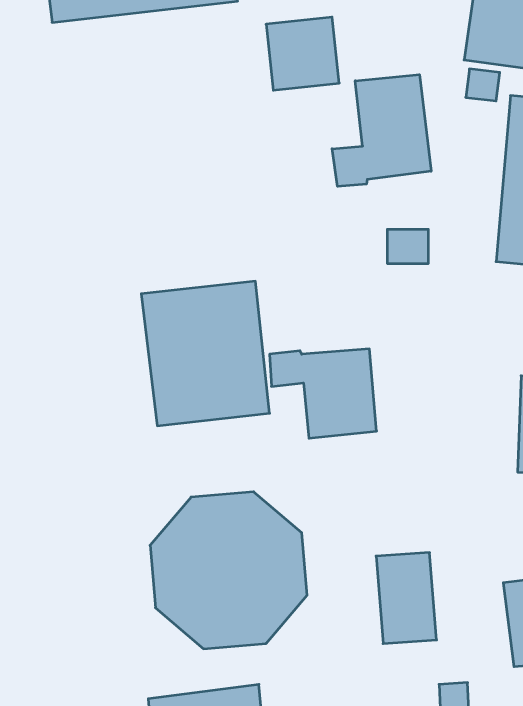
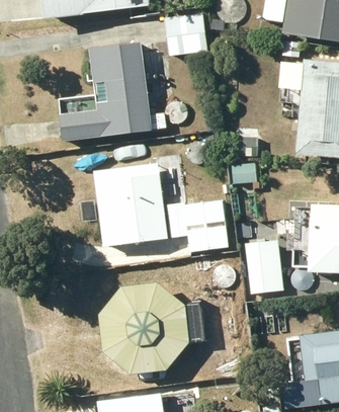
building: none -> [56,42,166,141]
building: [332,75,431,186] -> none
building: [376,553,437,644] -> [246,242,280,294]

